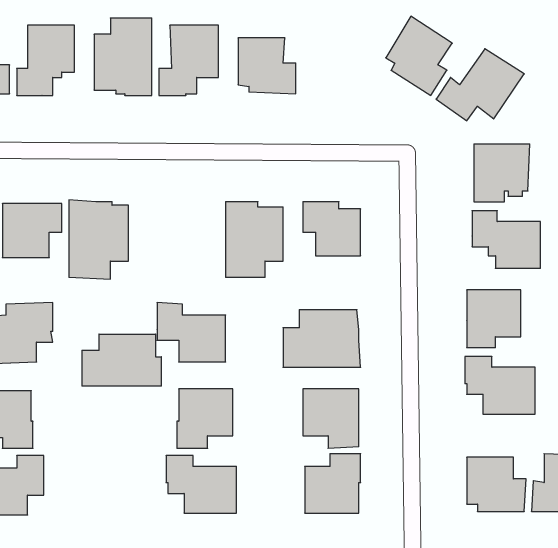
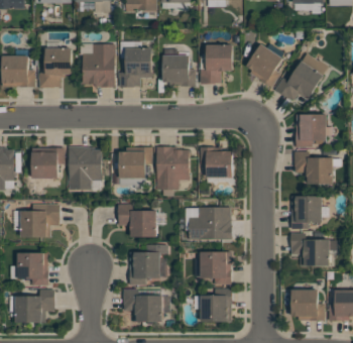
building: none -> [200,44,232,83]
building: none -> [119,147,152,178]
building: [82,334,161,386] -> none

